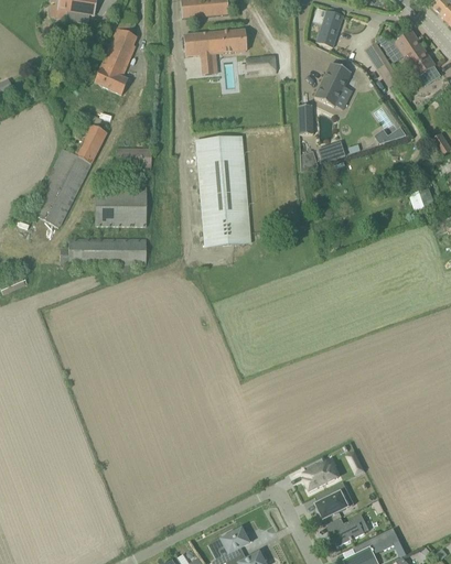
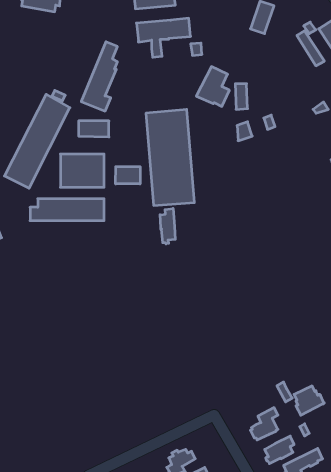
building: [95,13,137,94] -> [81,42,117,111]
building: [314,63,353,109] -> [196,67,229,106]
building: none -> [116,167,140,184]
building: none -> [160,208,175,244]
building: [303,456,339,490] -> [294,386,324,415]

